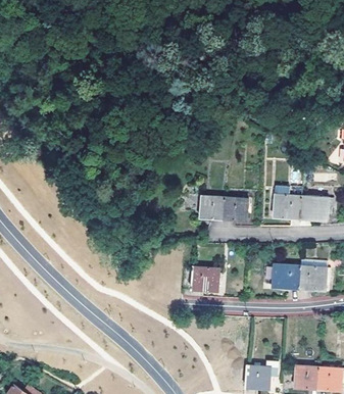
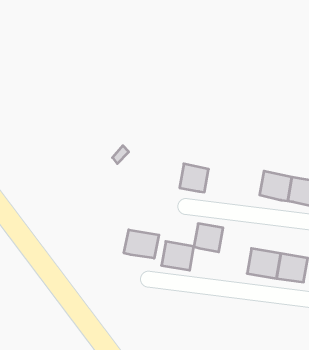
building: [223,197,247,220] -> [194,224,223,252]
building: none -> [124,230,159,258]

